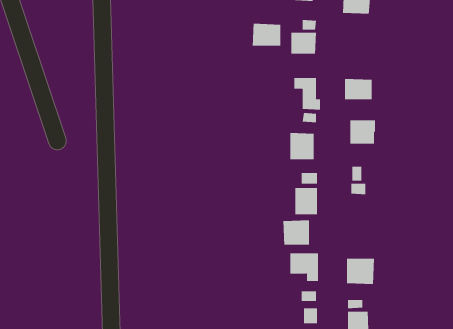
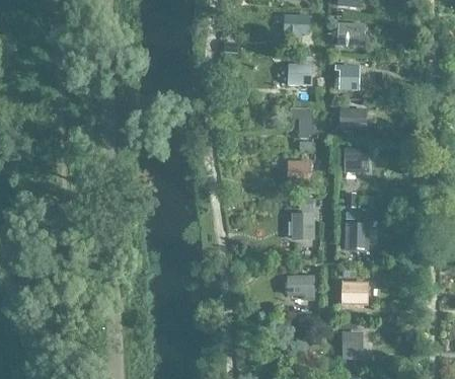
building: [252,23,281,47] -> none
building: none -> [335,64,361,90]
building: none -> [345,223,370,249]
building: [283,220,310,246] -> none

